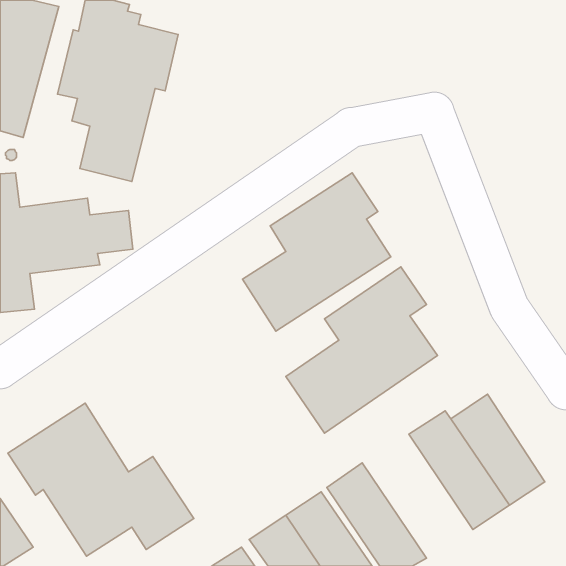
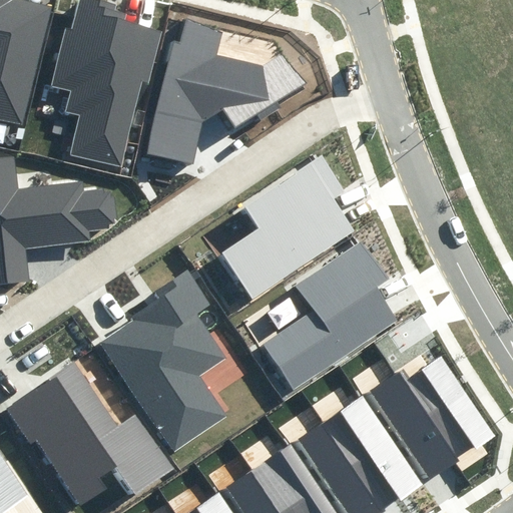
building: none -> [145,21,269,163]
building: none -> [97,270,226,450]
building: none -> [328,397,419,505]

